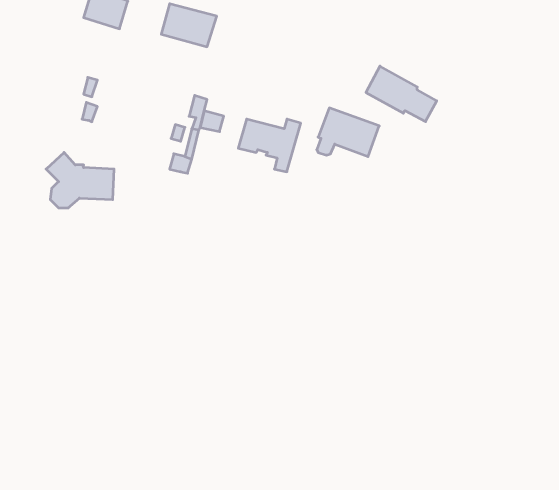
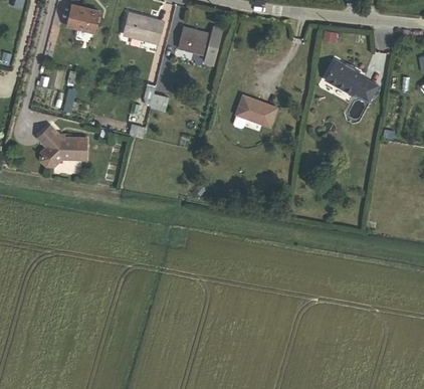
building: [366,66,437,122] -> [327,59,378,100]
building: [238,119,301,172] -> [175,32,220,70]

